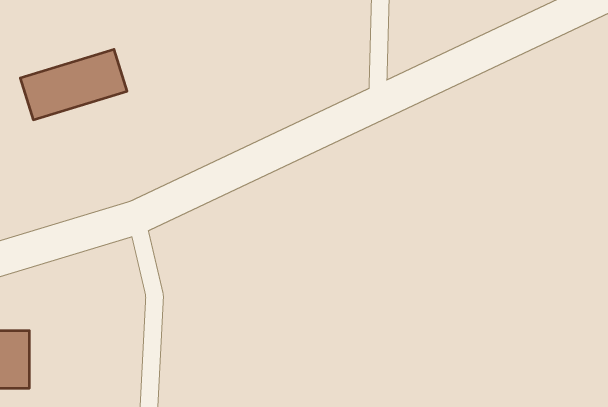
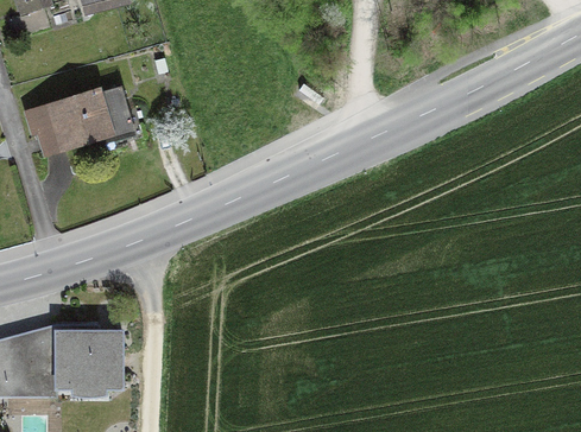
building: none -> [55,331,120,379]

